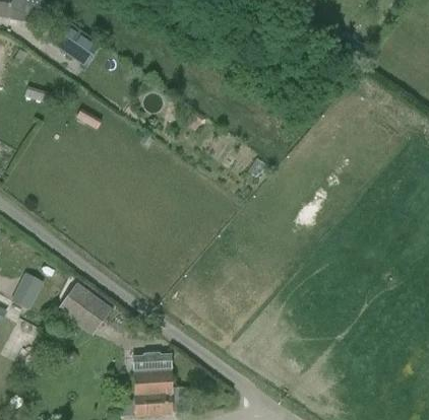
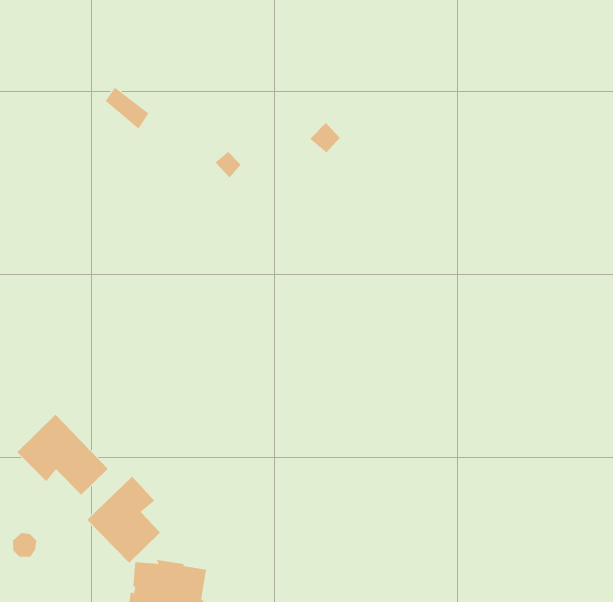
building: none -> [87,476,161,564]

